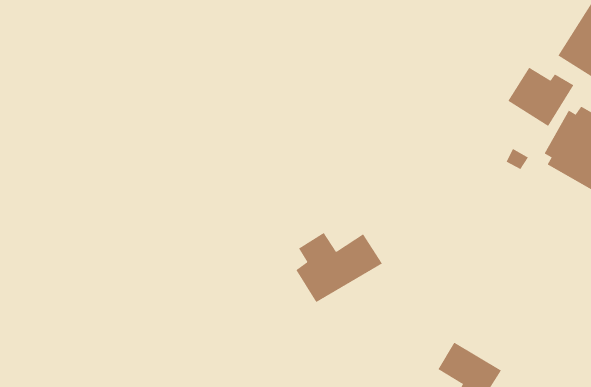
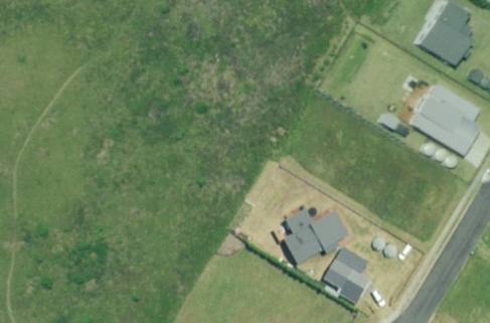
building: [507,67,574,127] -> none
building: [295,232,383,303] -> [291,207,355,260]

